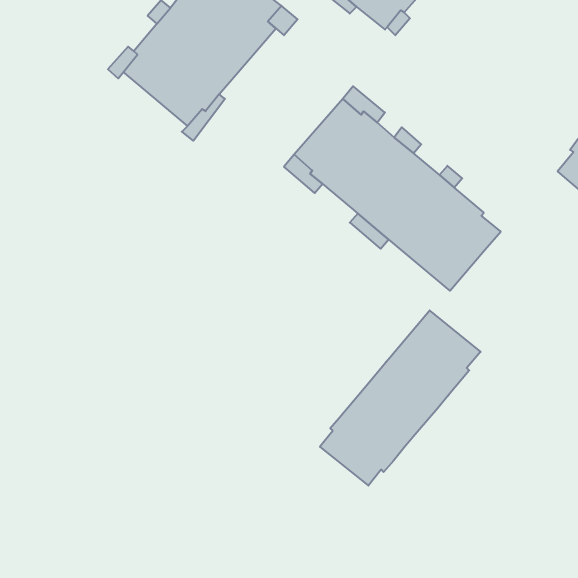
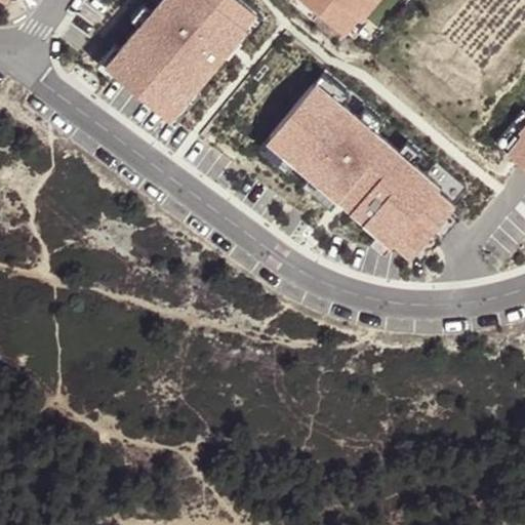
building: [320,310,481,486] -> none

